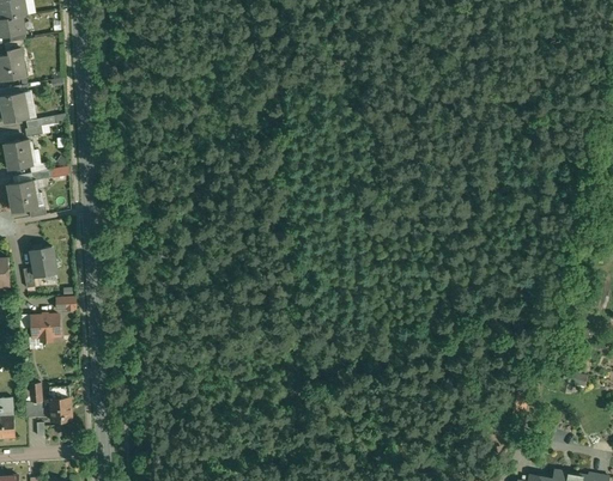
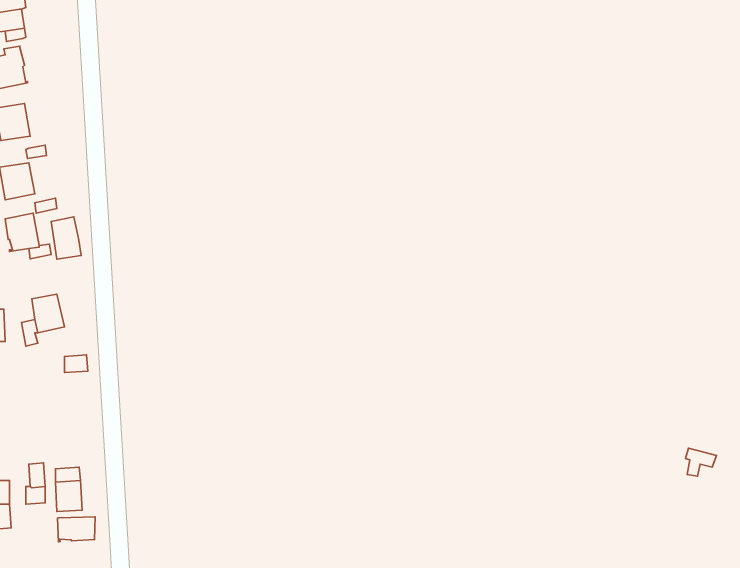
building: none -> [51,217,81,259]
building: [30,315,59,341] -> none
building: none -> [57,517,95,542]

